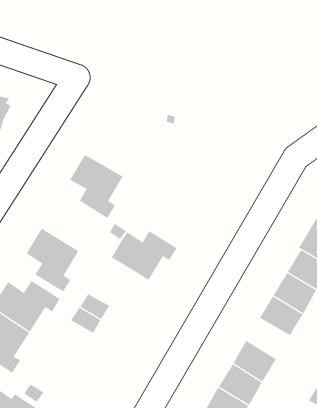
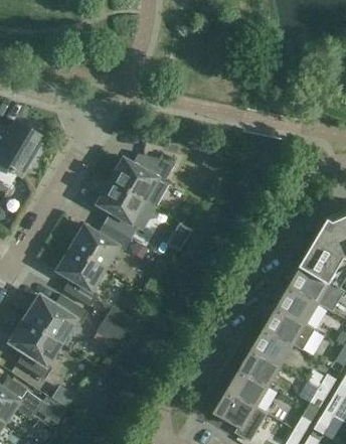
building: none -> [108,156,173,201]
building: [111,230,178,281] -> [68,224,129,269]
building: none -> [253,329,294,366]

